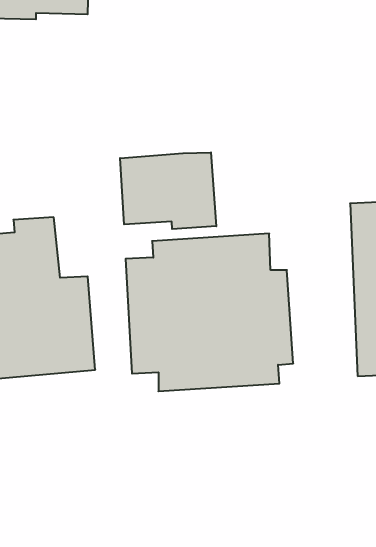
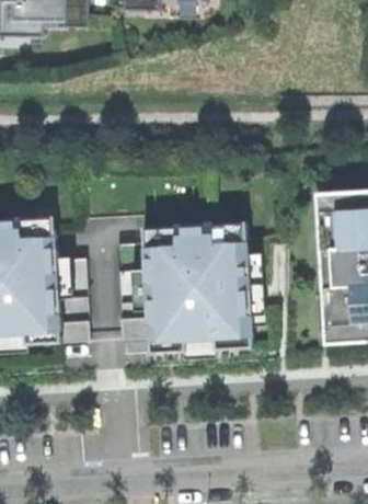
building: [120,152,216,229] -> none

